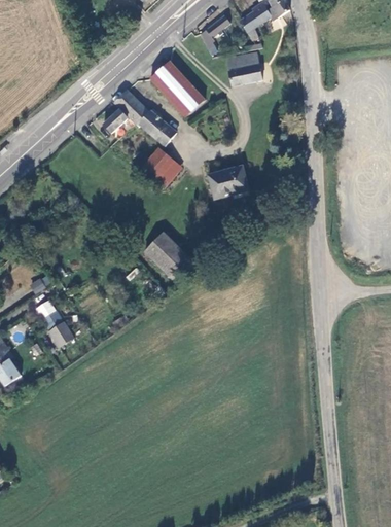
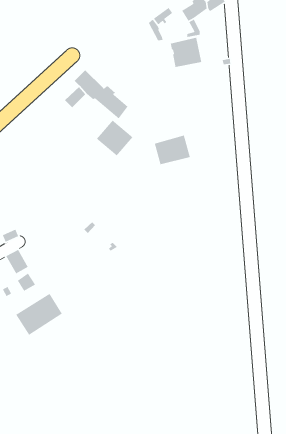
building: [151,59,207,115] -> none
building: [144,231,192,279] -> none
building: none -> [15,293,63,336]

